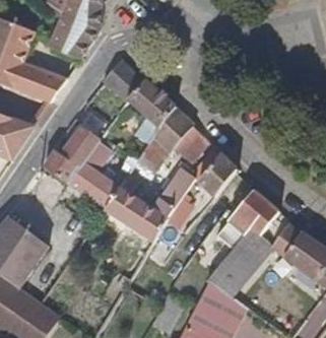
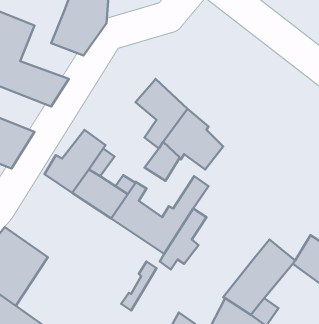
building: [103,59,144,102] -> none
building: [198,151,237,196] -> none
building: [222,191,277,244] -> none

